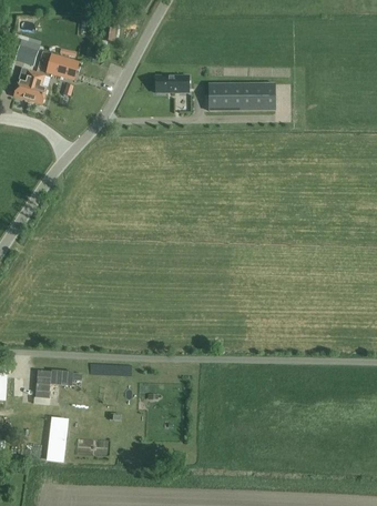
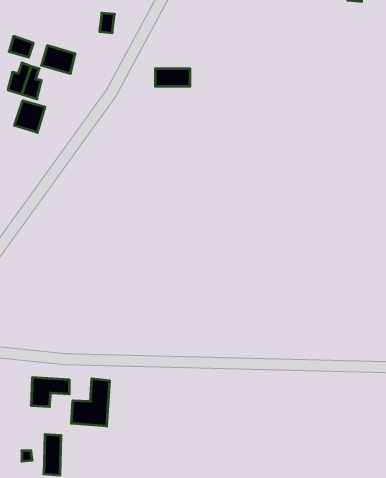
building: [207,82,274,110] -> none
building: none -> [15,101,45,133]
building: none -> [71,379,109,426]

